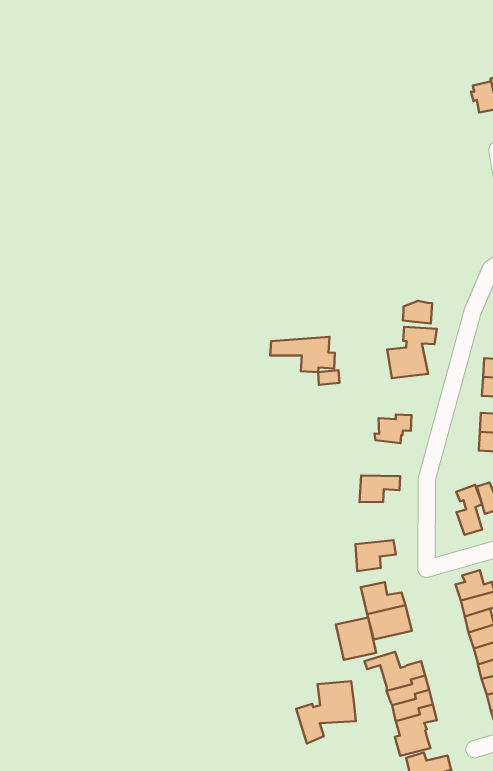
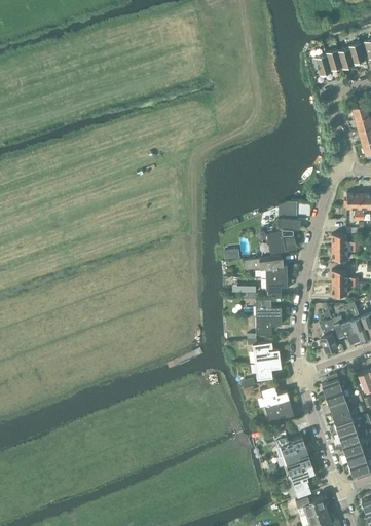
building: [270,337,335,372] -> [245,257,287,280]
building: none -> [249,295,282,318]
building: none -> [252,343,280,364]
building: [336,618,376,660] -> none
building: [296,681,356,743] -> none

